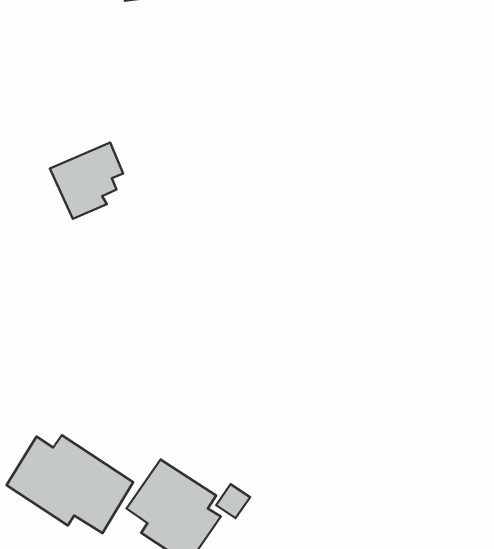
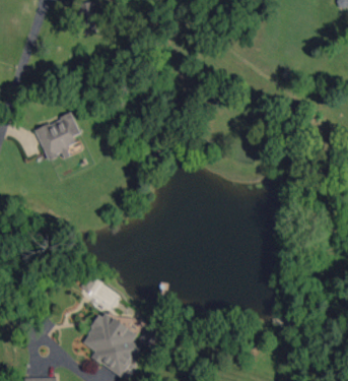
building: [7,435,133,533] -> none

